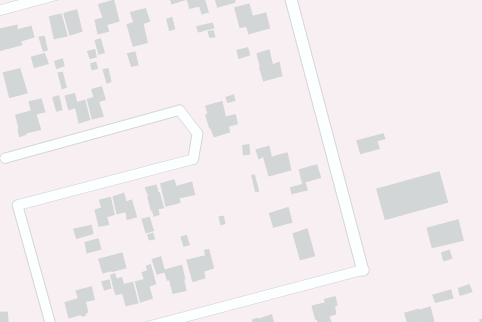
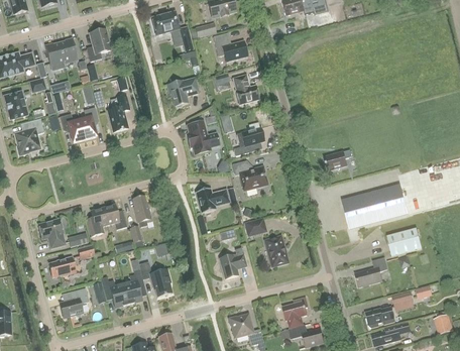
building: [125,7,151,48] -> [107,95,130,131]
building: none -> [167,77,199,106]
building: [289,164,322,195] -> [233,127,263,155]
building: [159,179,196,208] -> [196,187,229,213]
building: none -> [38,218,66,247]
building: [185,248,215,283] -> [219,247,246,278]
building: none -> [355,256,387,286]
building: [97,252,127,274] -> [48,256,76,276]

